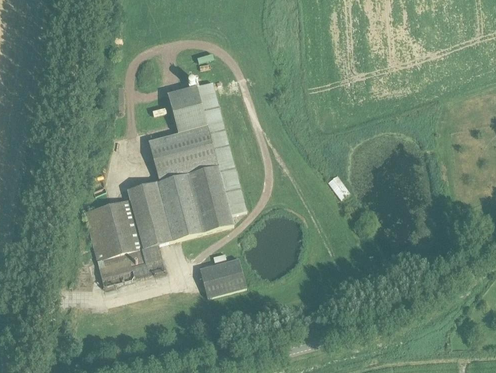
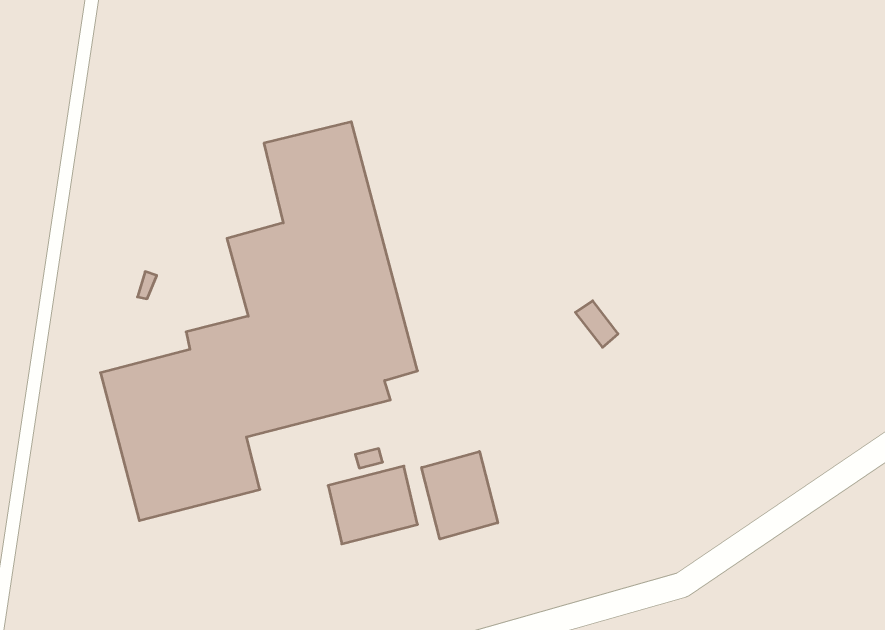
building: none -> [422,451,498,539]

